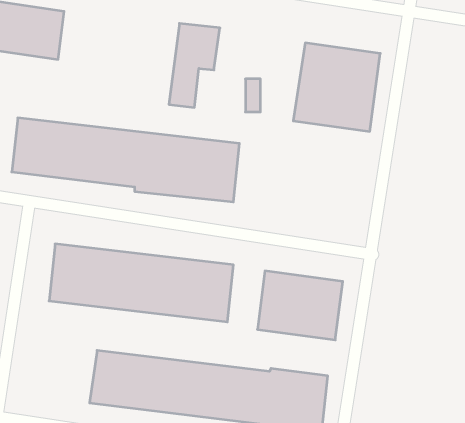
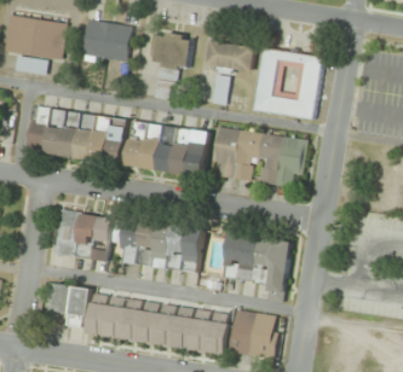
building: none -> [81,21,132,63]
building: none -> [206,41,254,74]
building: none -> [212,128,306,188]
building: none -> [48,284,91,329]

